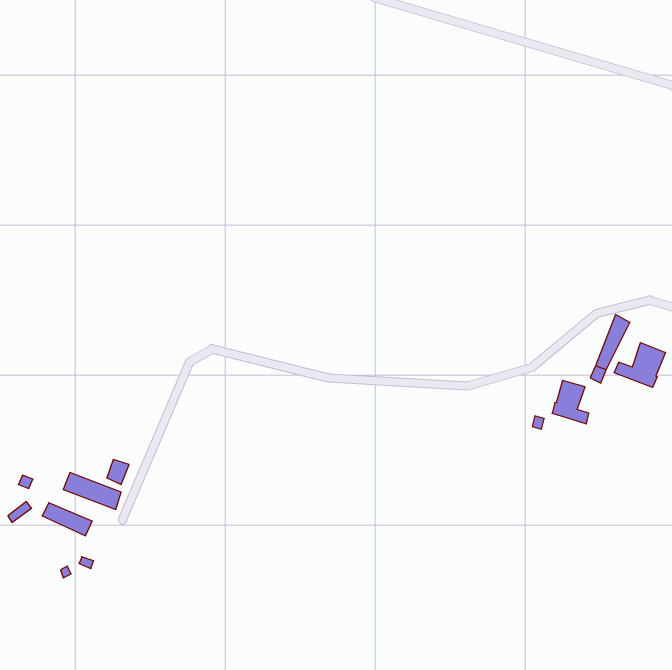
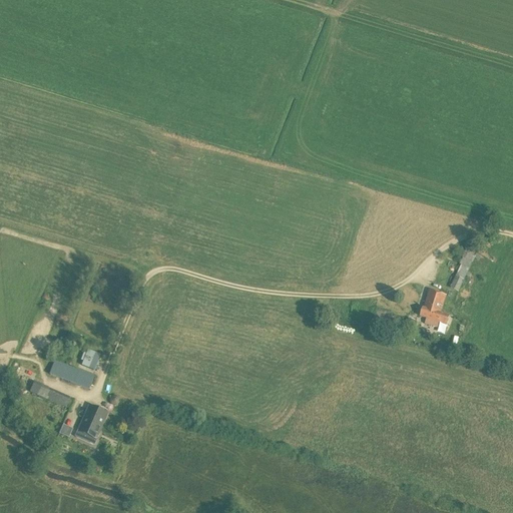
building: [614,343,665,387] -> none
building: none -> [77,404,106,438]

